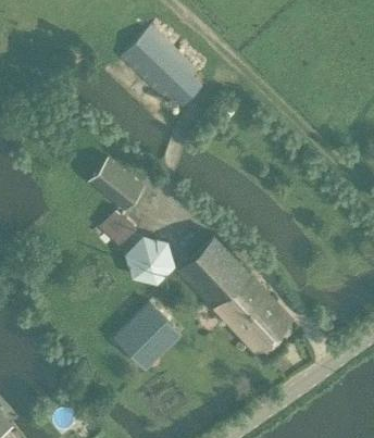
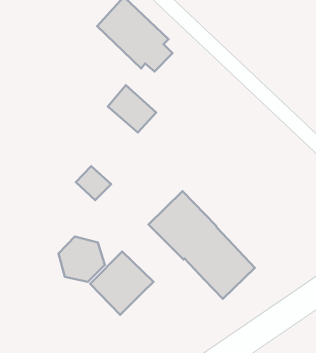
building: [93,159,146,210] -> [108,85,156,133]
building: [126,236,176,285] -> [59,237,105,282]

